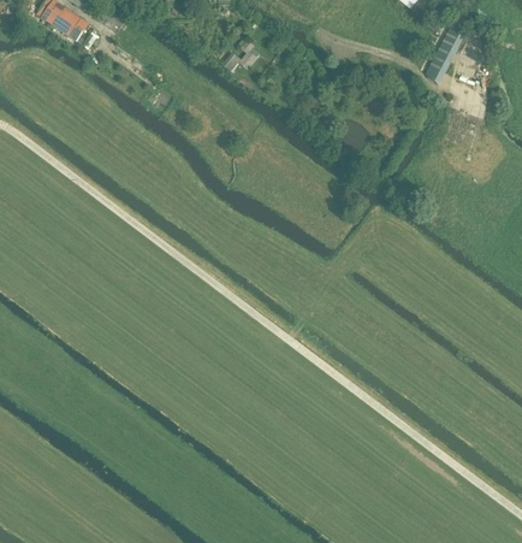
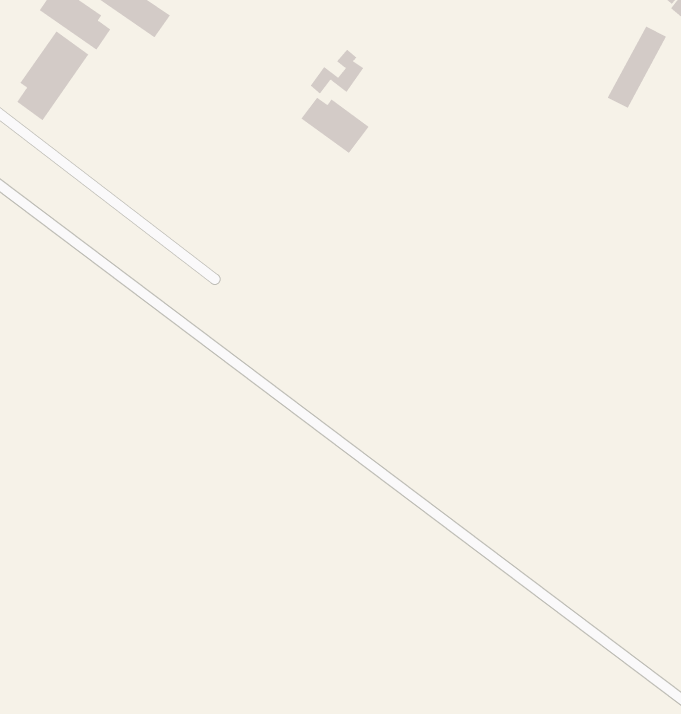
building: none -> [16,31,89,121]
building: none -> [300,97,370,154]

